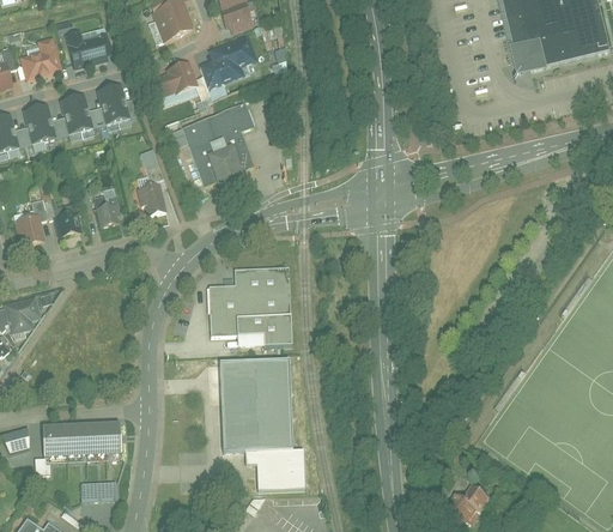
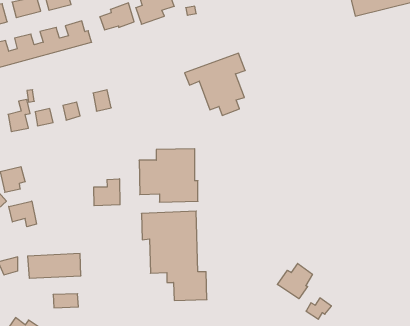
building: [165,101,254,192] -> [185,53,245,115]
building: none -> [94,179,120,206]
building: none -> [9,201,37,227]
building: none -> [277,263,312,299]

